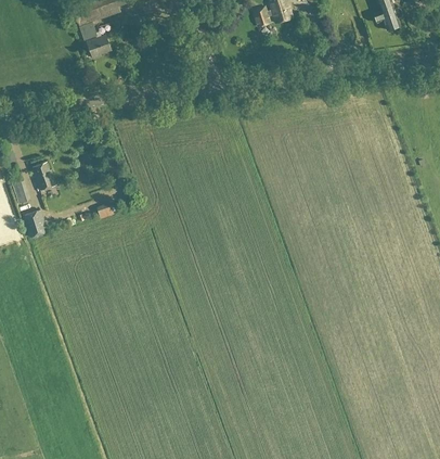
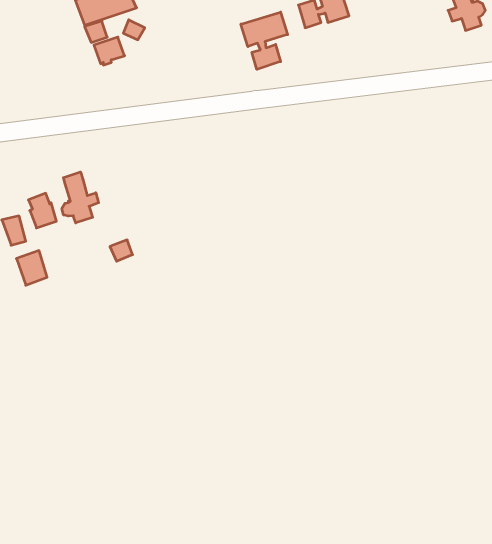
building: none -> [241,12,288,69]
building: none -> [62,172,99,223]

